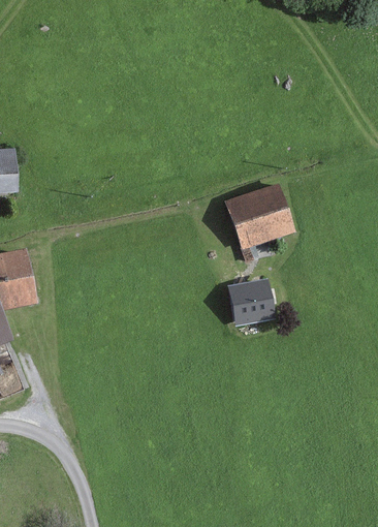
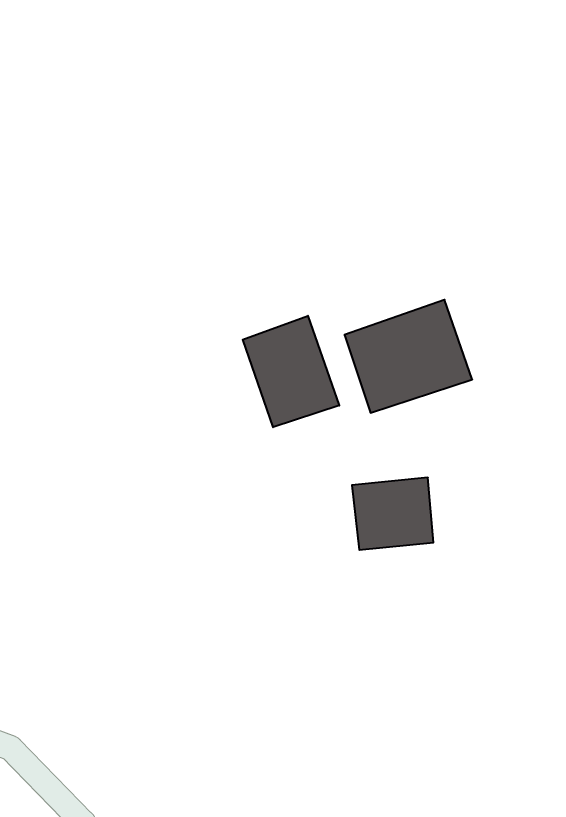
building: none -> [243,316,339,427]

